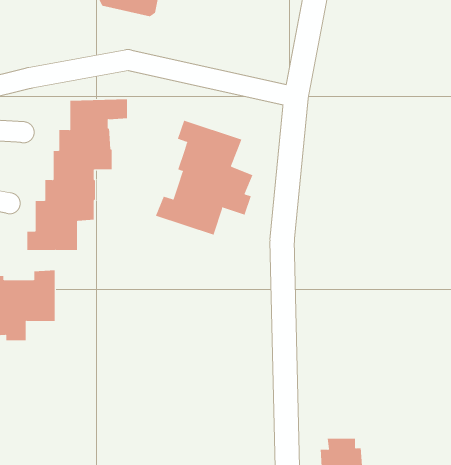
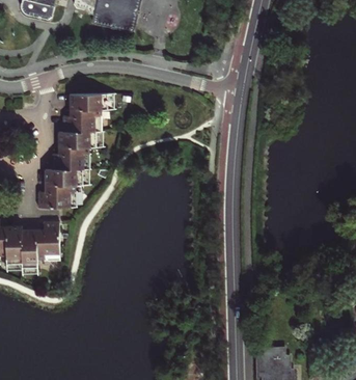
building: [155,120,253,236] -> none

